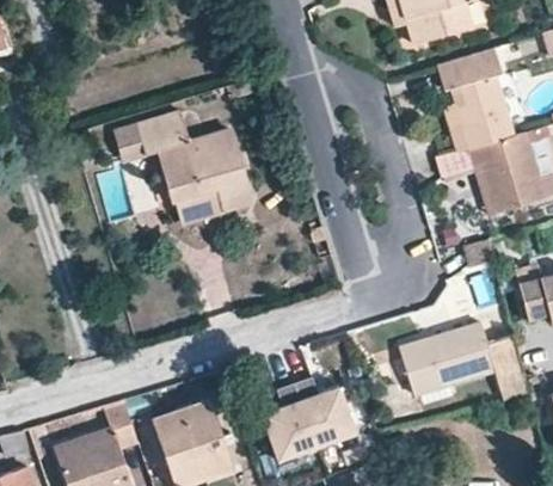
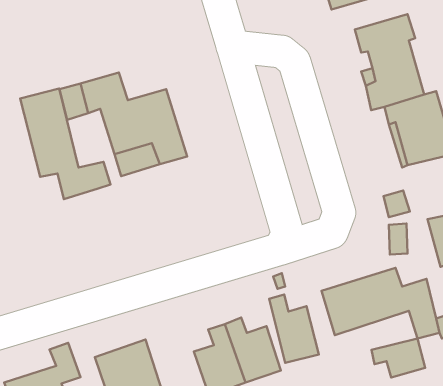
building: none -> [20,89,110,199]
building: none -> [269,294,319,363]
building: none -> [371,338,425,377]

